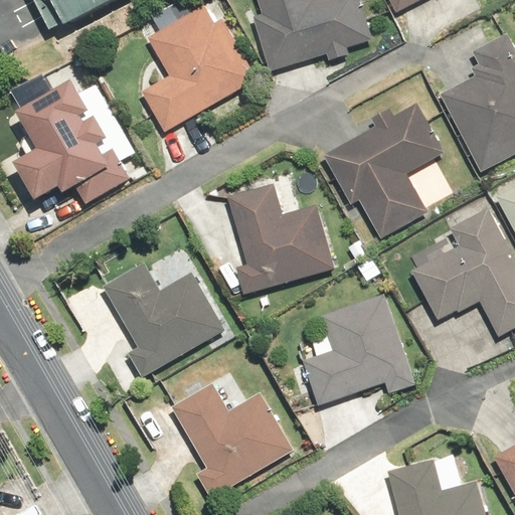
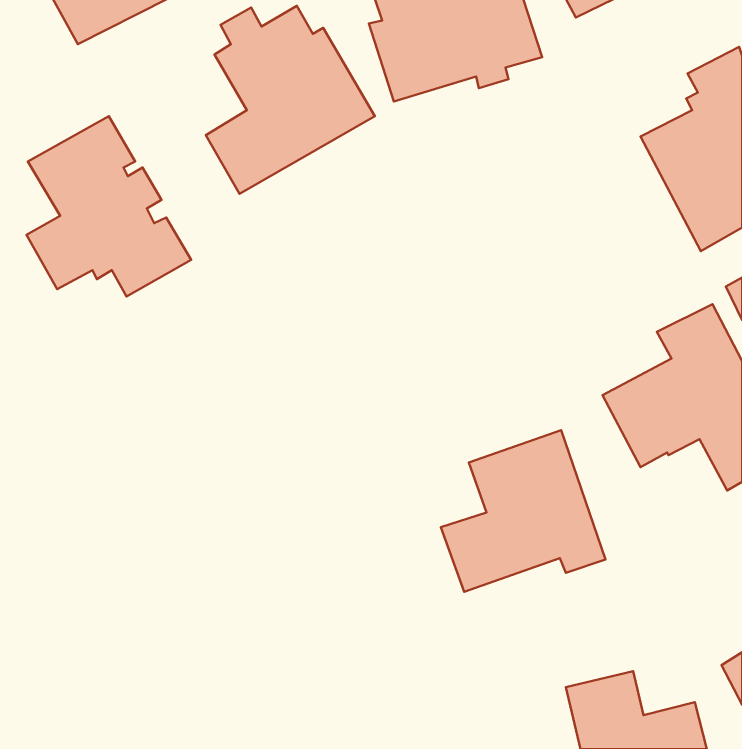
building: [323,103,444,238] -> none
building: [227,184,334,295] -> none
building: [103,263,224,377] -> none
building: [172,382,294,497] -> none

